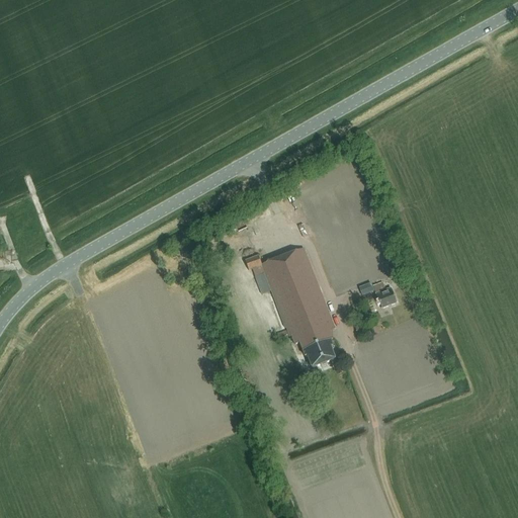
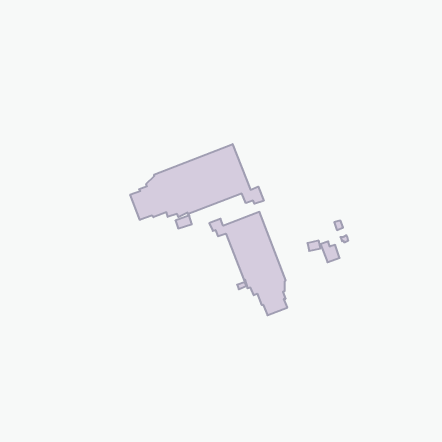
building: none -> [130,144,264,220]

